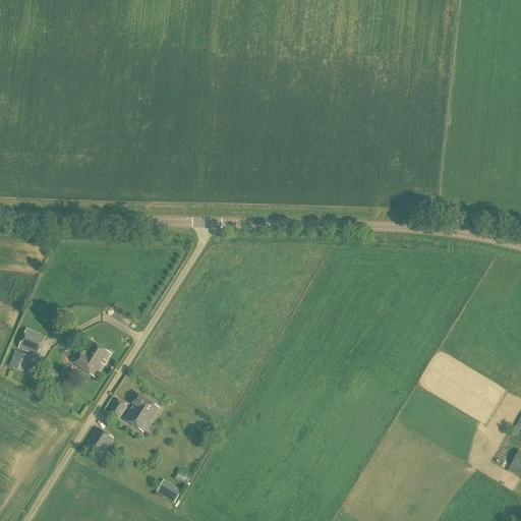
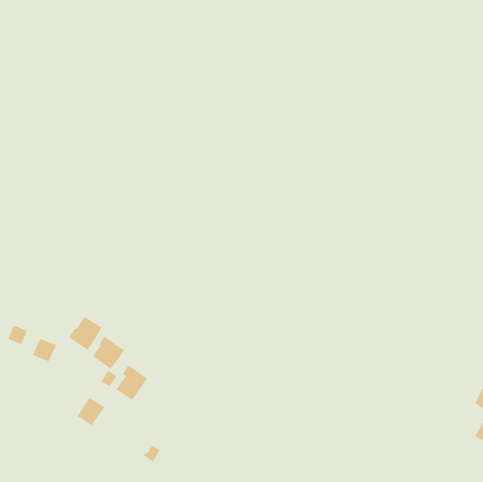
building: [19,328,46,353] -> [32,338,57,362]
building: none -> [92,336,125,370]

